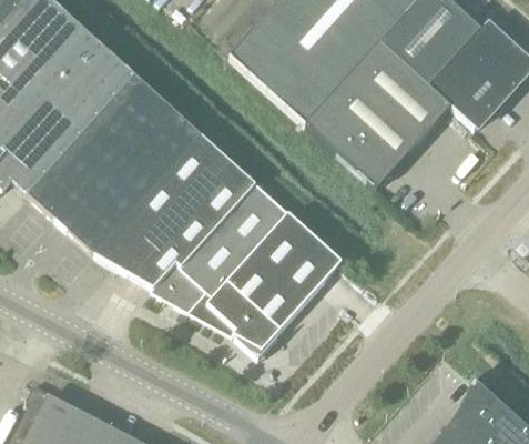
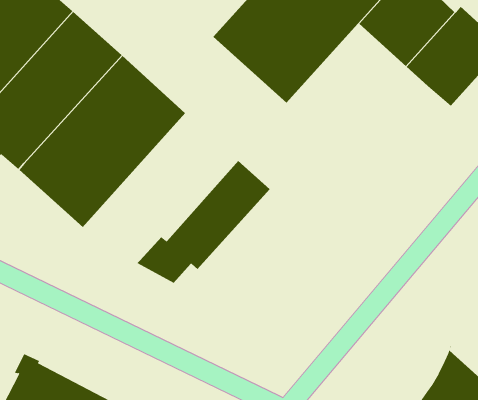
building: [305,42,450,188] -> none
building: [94,134,255,286] -> none
building: [189,213,342,350] -> none

